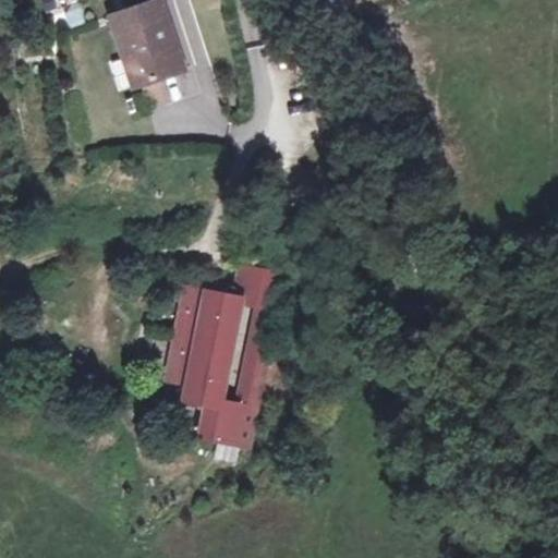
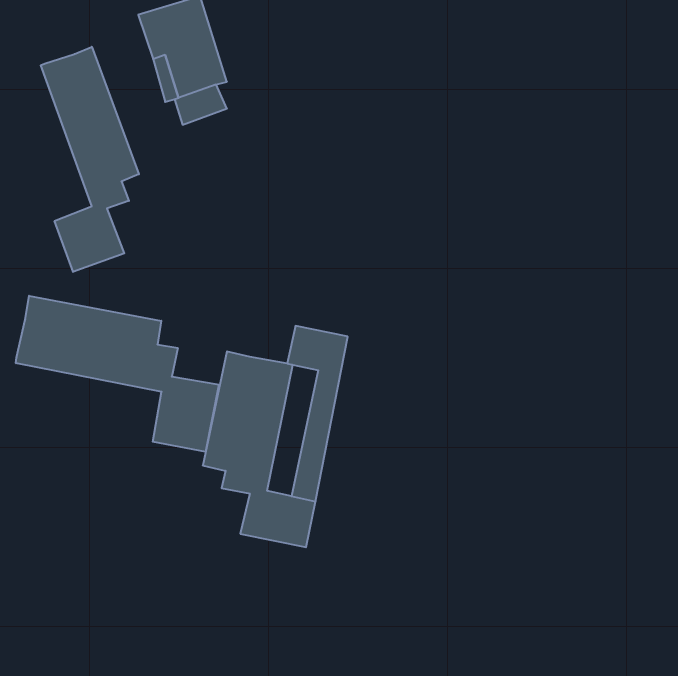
building: none -> [41,47,139,272]
building: none -> [16,296,219,452]

